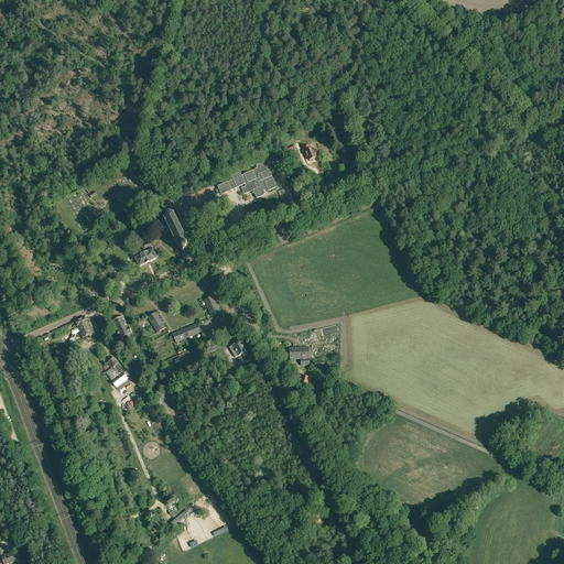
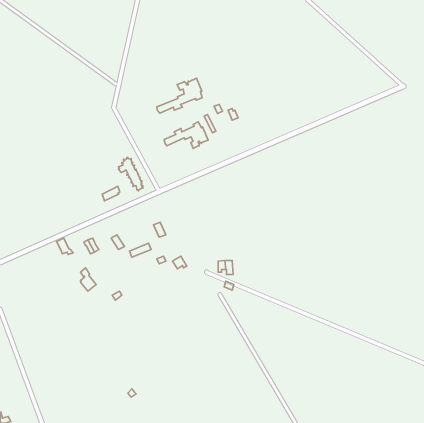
building: none -> [157,78,202,113]

